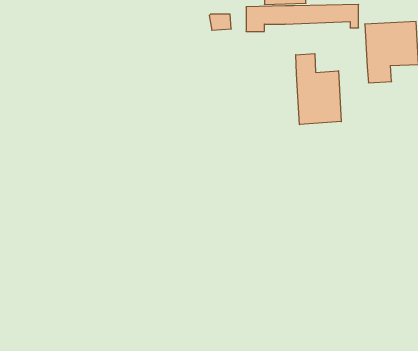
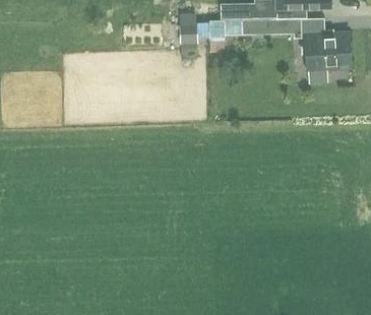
building: [296,54,341,125] -> none

